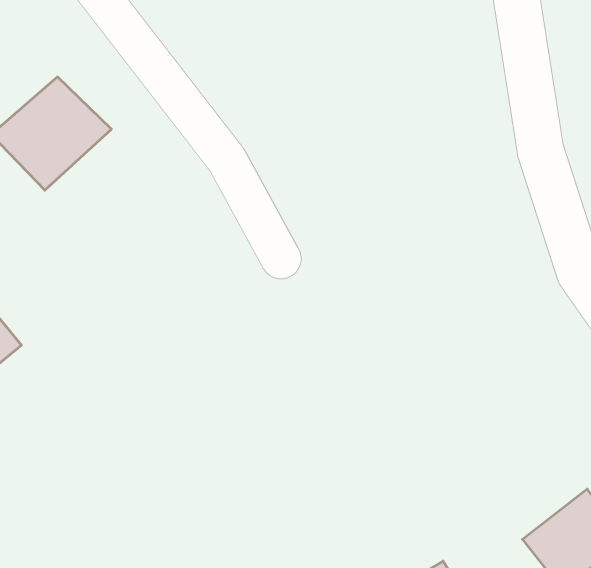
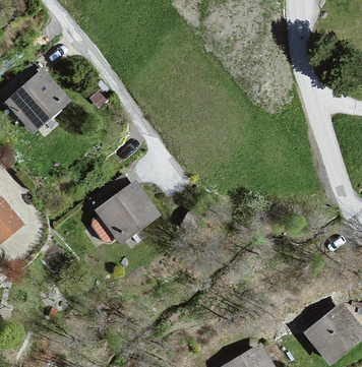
building: none -> [95,183,164,244]

